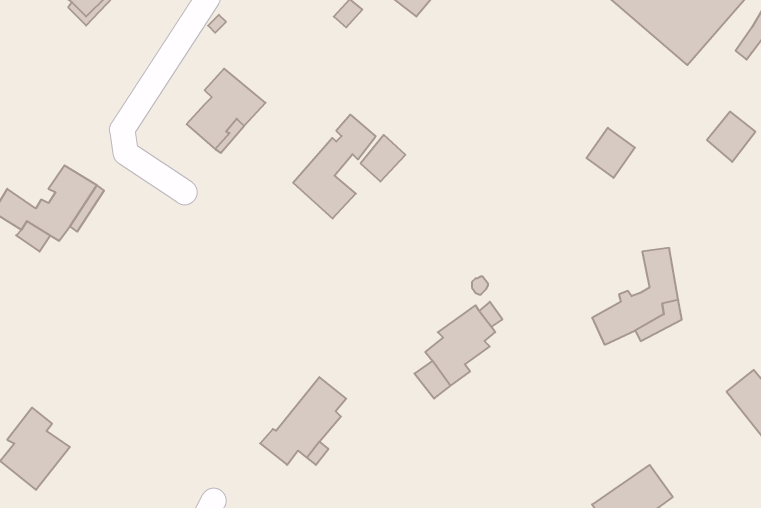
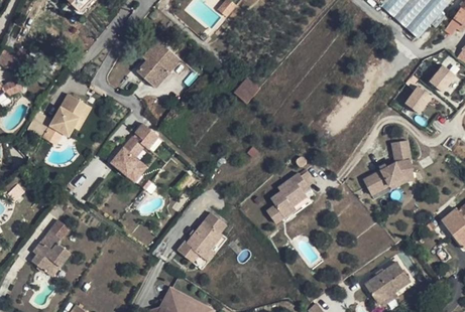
building: [293,115,376,219] -> [111,123,157,181]
building: [586,128,635,178] -> [405,86,433,114]

